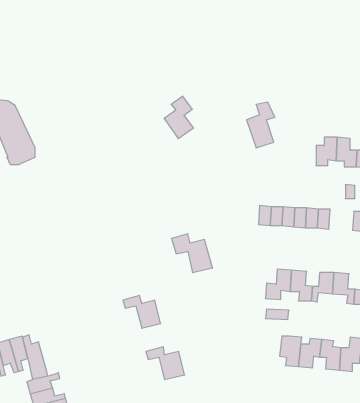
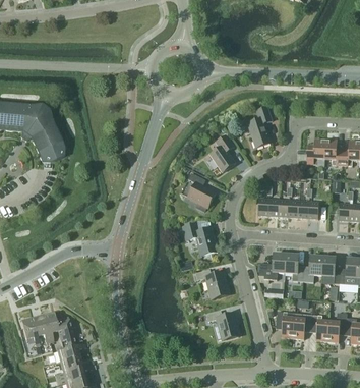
building: [164,96,193,139] -> [208,134,234,171]
building: none -> [186,172,215,211]
building: [123,295,161,328] -> [194,268,227,296]
building: [146,347,185,380] -> [204,310,238,338]

